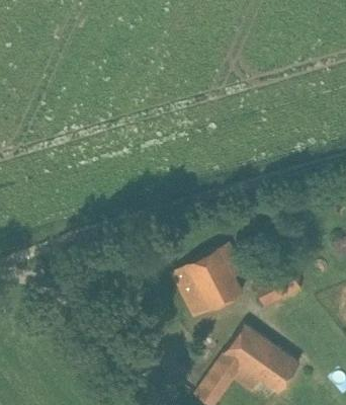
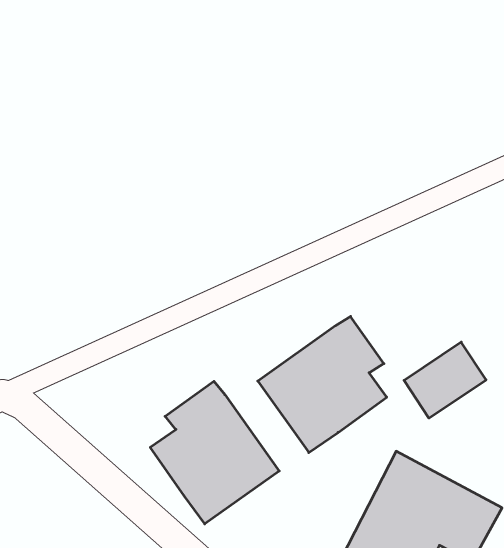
building: none -> [150,381,279,524]

